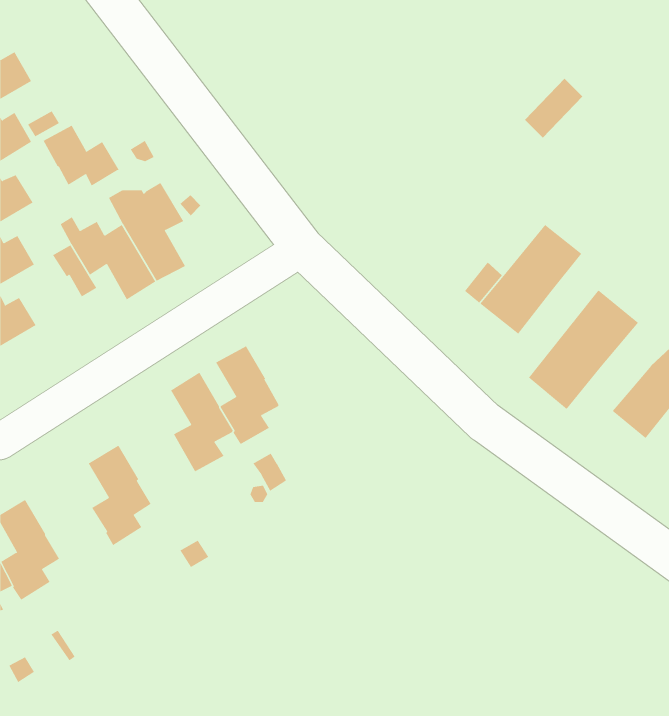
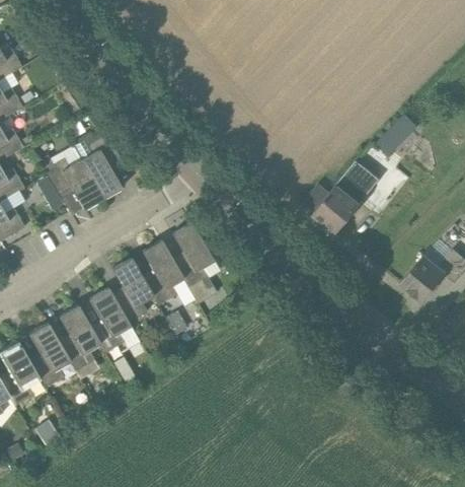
building: [524,78,583,138] -> [377,118,415,157]
building: [43,125,119,186] -> none
building: [528,289,639,410] -> none
building: none -> [171,221,216,302]
building: none -> [88,287,131,352]
building: none -> [27,323,70,388]

